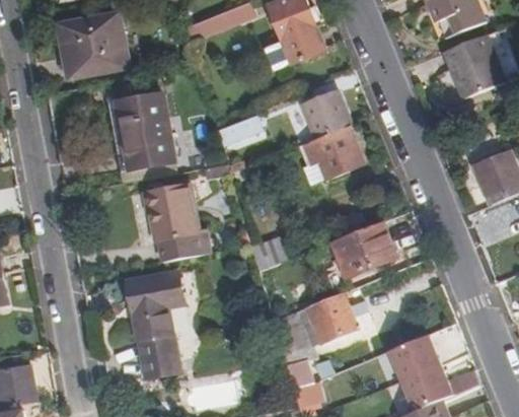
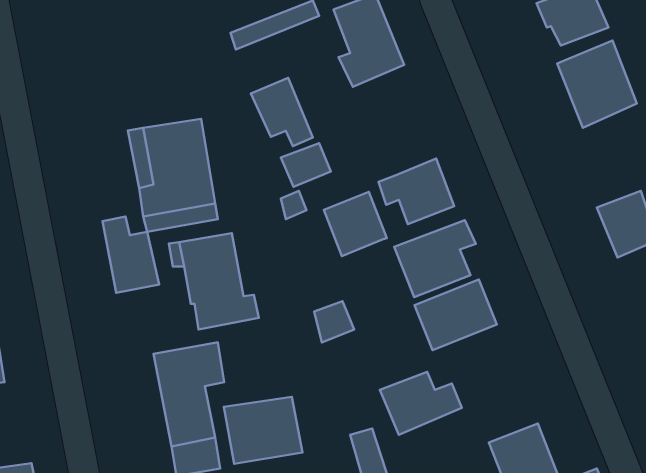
building: [60,15,129,77] -> none
building: none -> [251,78,313,146]
building: [301,88,351,139] -> [324,192,387,256]
building: none -> [102,217,159,293]
building: none -> [394,220,476,297]
building: none -> [224,397,303,464]

